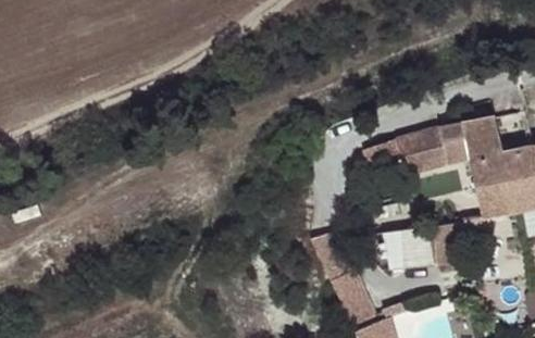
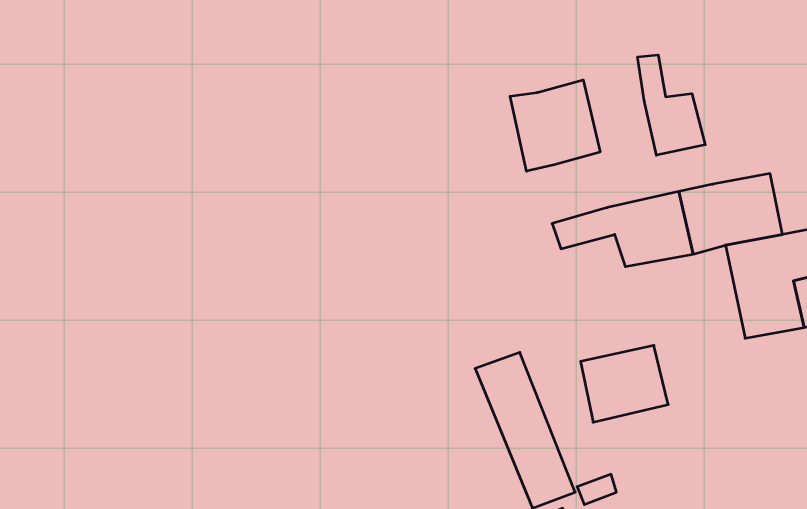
building: none -> [638,55,705,155]
building: none -> [510,80,600,171]

